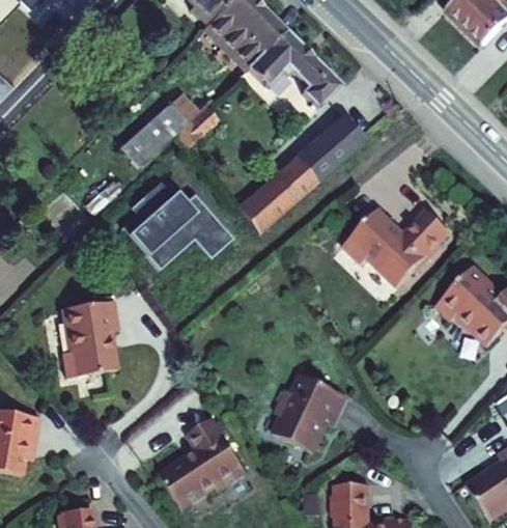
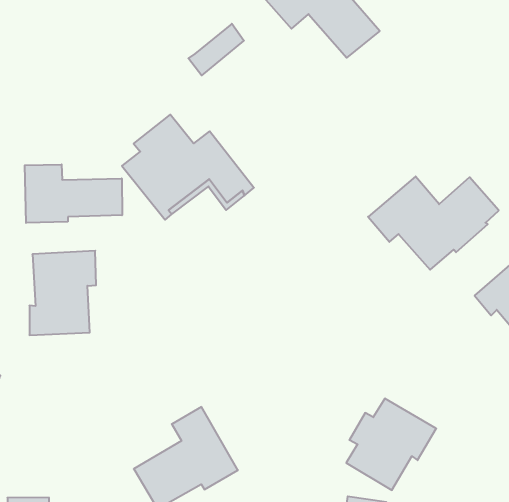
building: [114,103,182,171] -> none
building: [250,112,371,226] -> none
building: none -> [25,164,122,223]
building: [276,376,349,452] -> [346,399,436,490]

